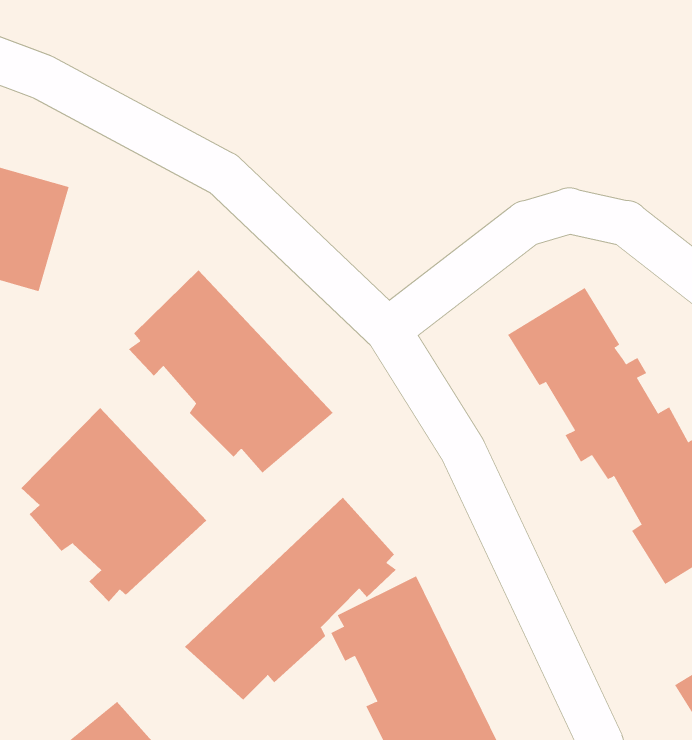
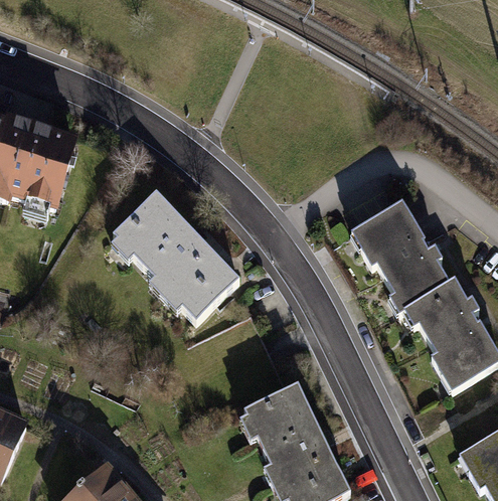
building: [21,407,207,603] -> none
building: [184,497,397,701] -> none

